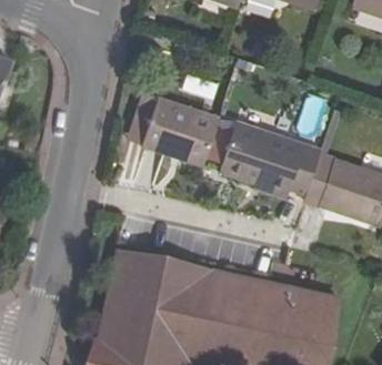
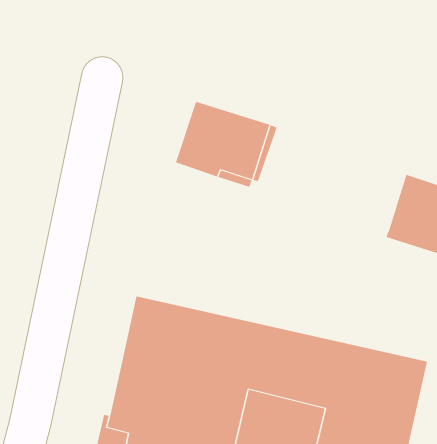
building: [225,123,324,196] -> none

